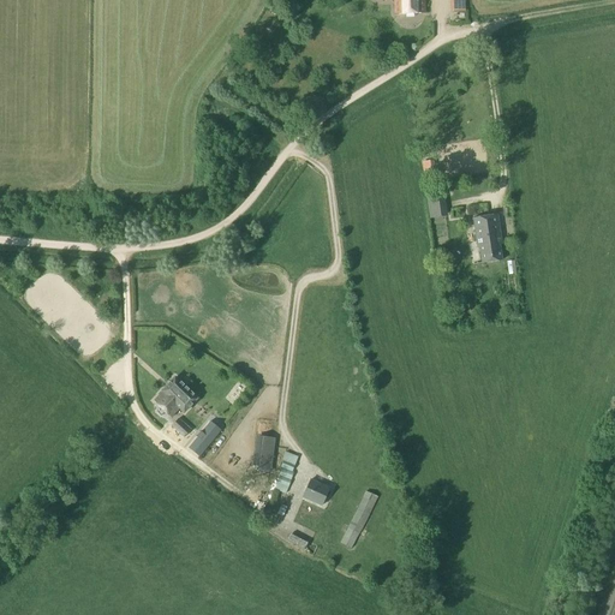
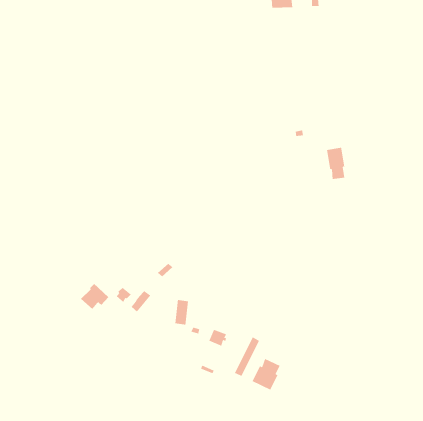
building: [154,376,196,414] -> [80,283,109,310]
building: none -> [252,358,280,390]

